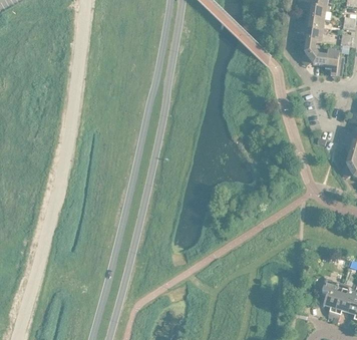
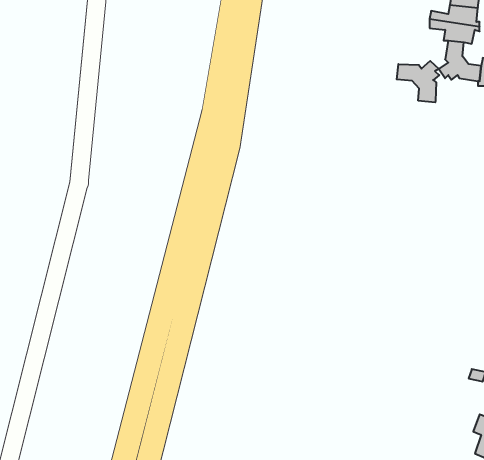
building: none -> [397,61,439,102]

